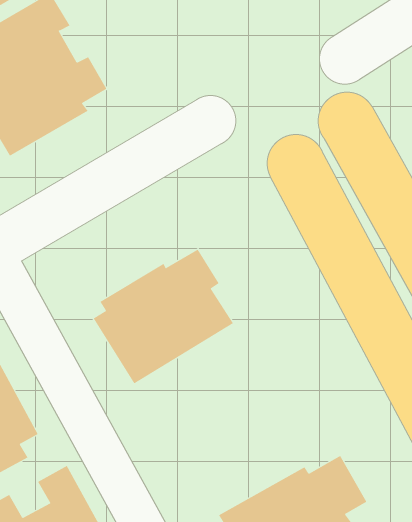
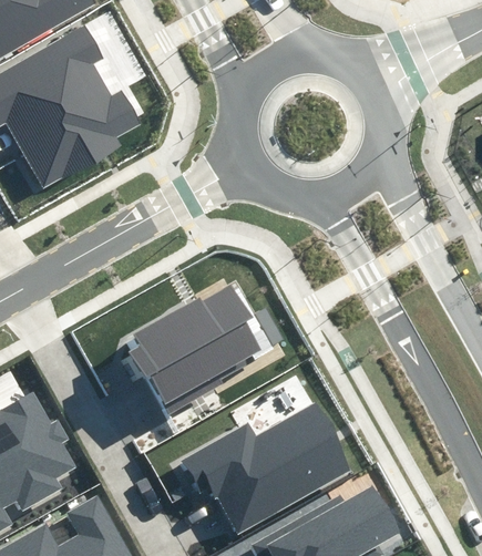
building: none -> [178,404,352,535]

